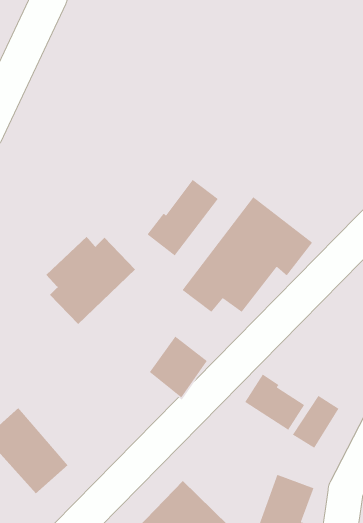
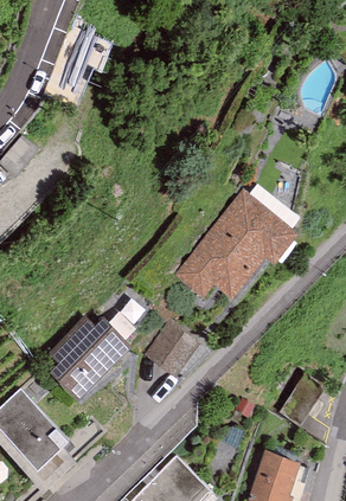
building: [146,179,219,256] -> none
building: [45,236,136,325] -> [46,315,132,399]
building: [244,374,305,431] -> none

